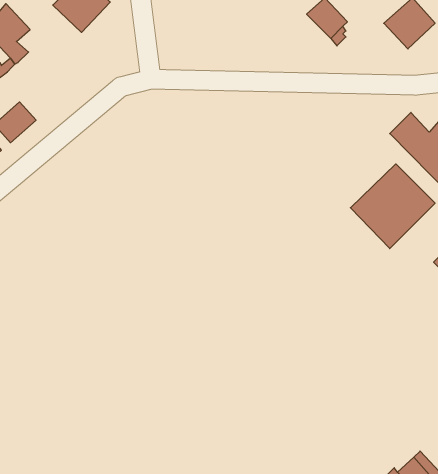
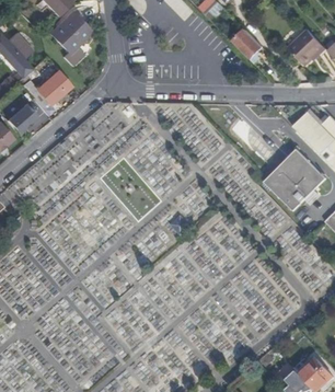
building: none -> [28,70,69,111]

